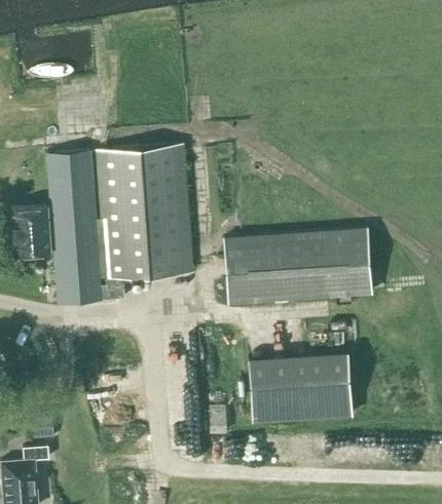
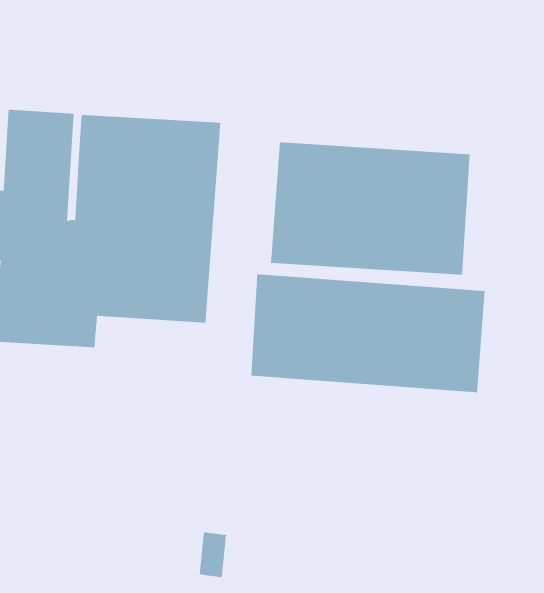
building: none -> [270,142,470,276]
building: [246,353,353,423] -> none

